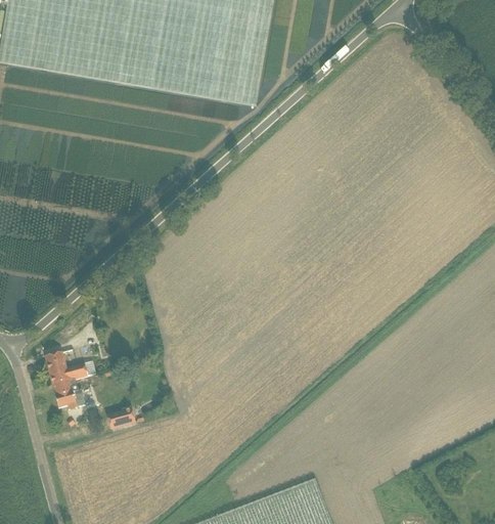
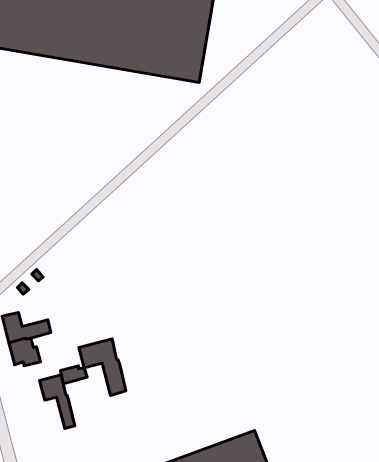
building: none -> [79,339,126,395]
building: none -> [39,375,75,429]

